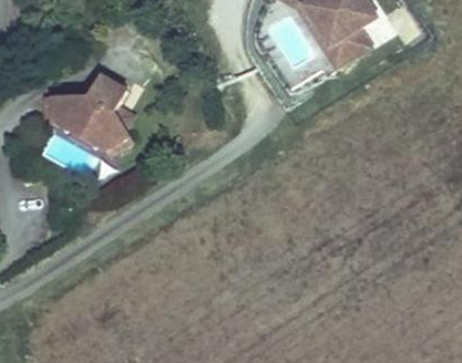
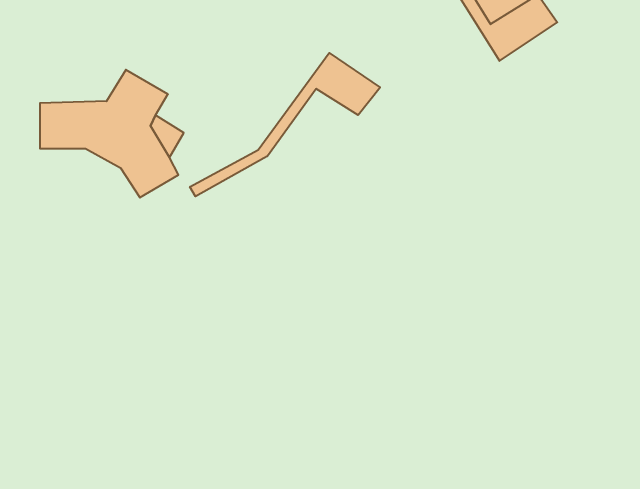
building: none -> [190,53,380,196]

